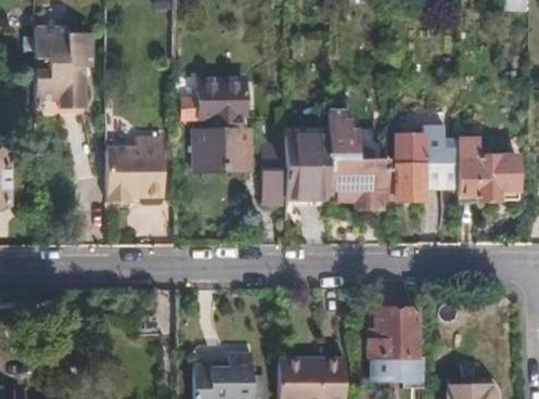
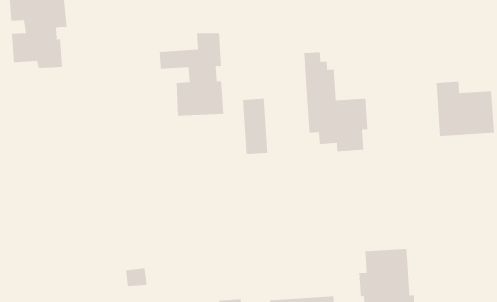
building: [389,132,461,205] -> none
building: [104,136,162,200] -> none
building: [286,141,329,203] -> none

